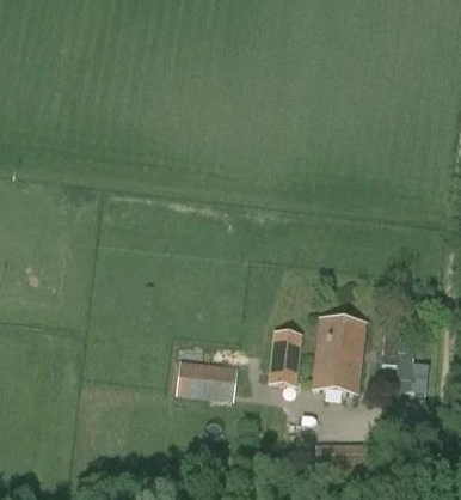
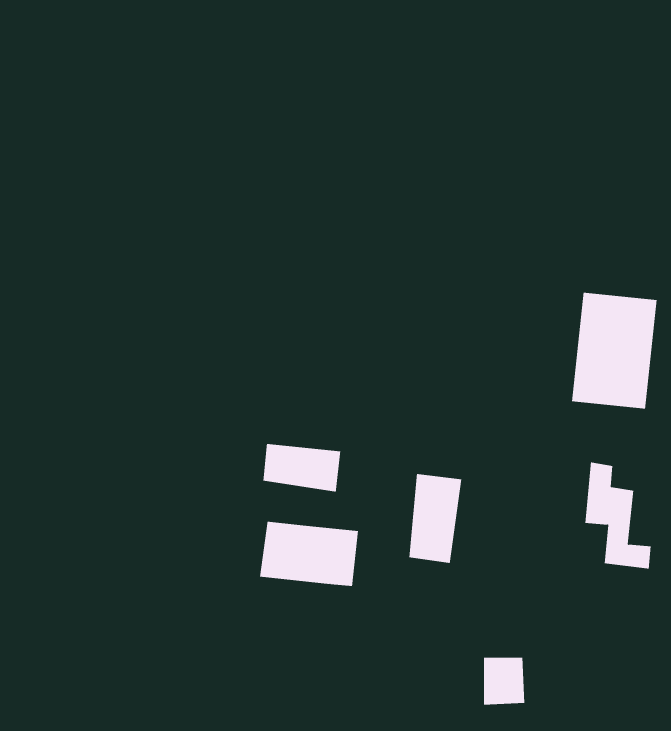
building: none -> [263,443,341,492]
building: [313,316,367,389] -> [571,292,657,409]

